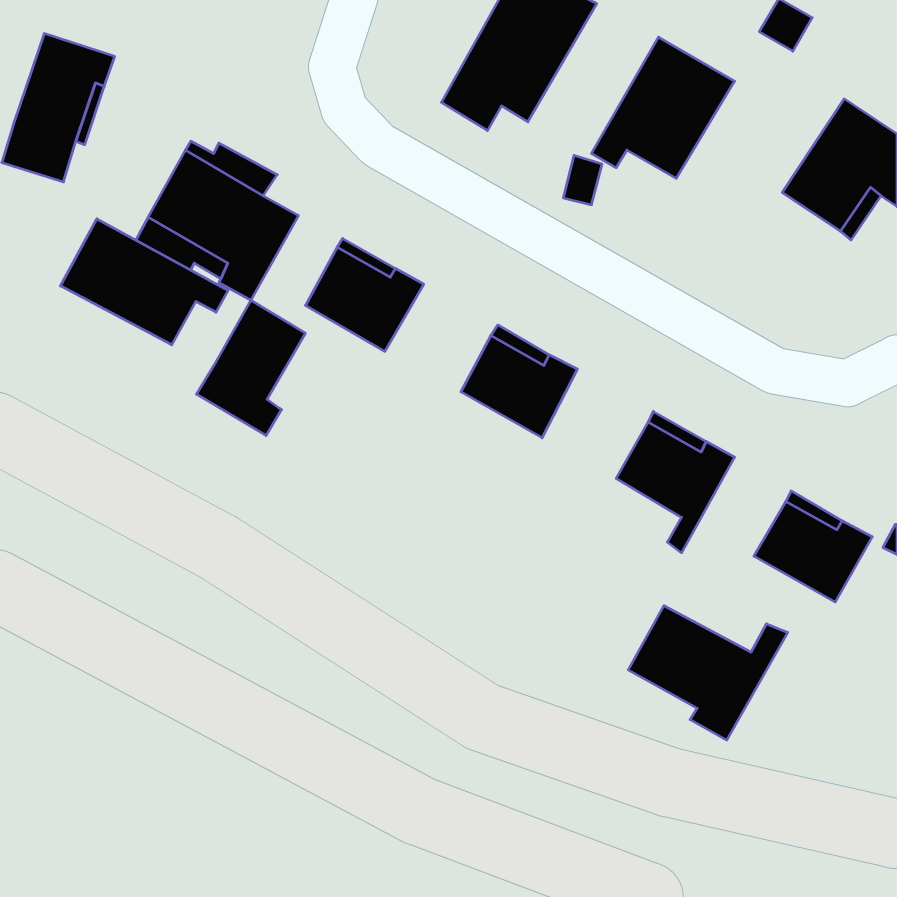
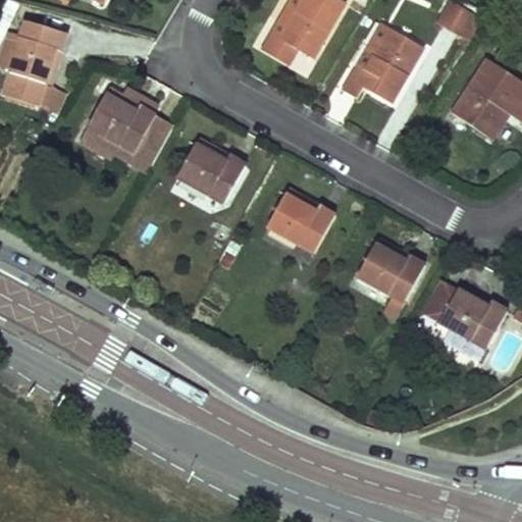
building: [60,219,228,345] -> none
building: [196,300,305,436] -> none
building: [628,606,788,740] -> none

